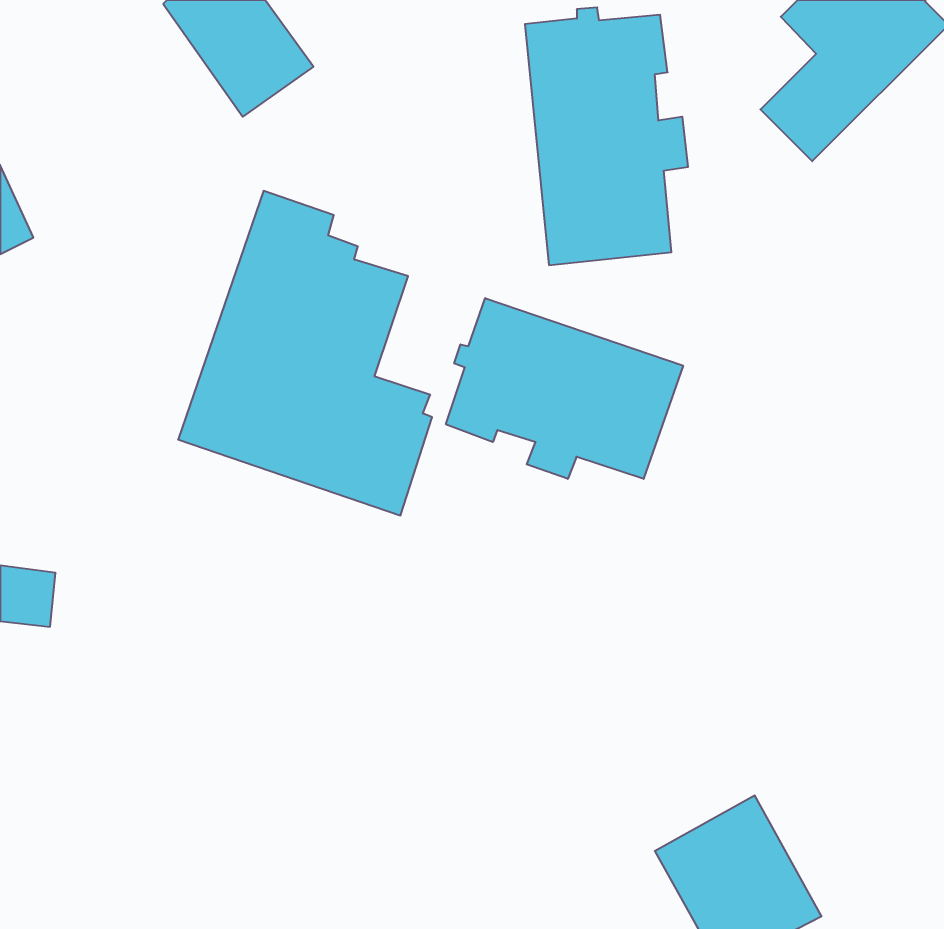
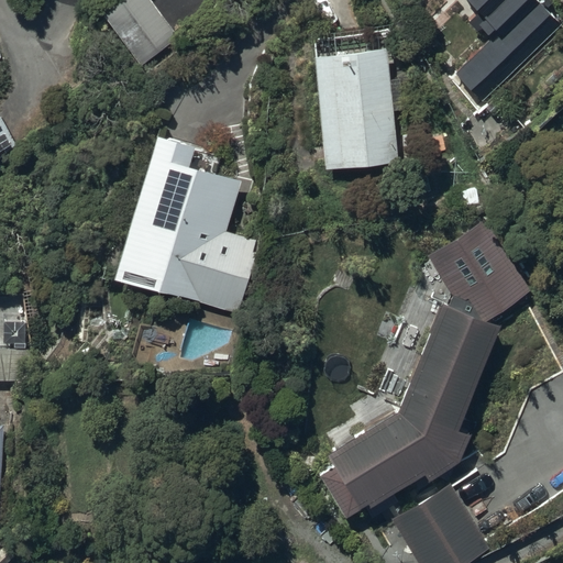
building: [446,298,683,479] -> none
building: none -> [323,227,530,523]

